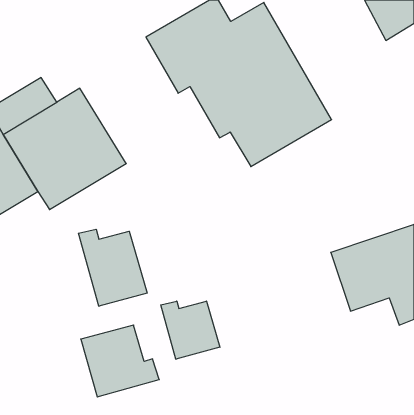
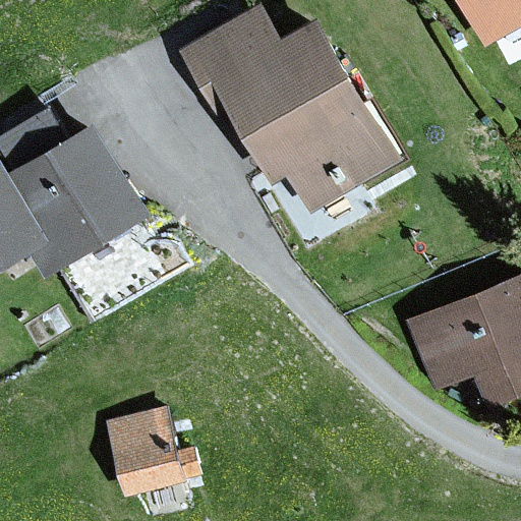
building: [78,229,147,306] -> none
building: [161,301,220,359] -> none

